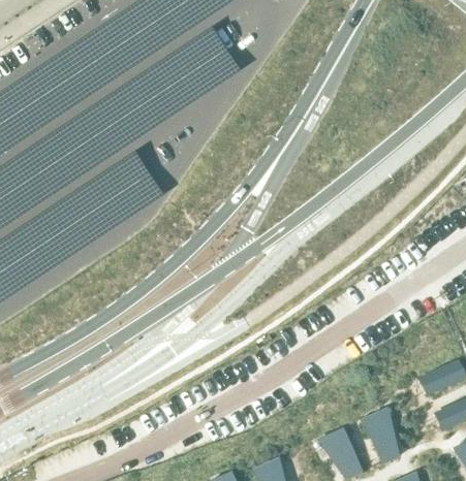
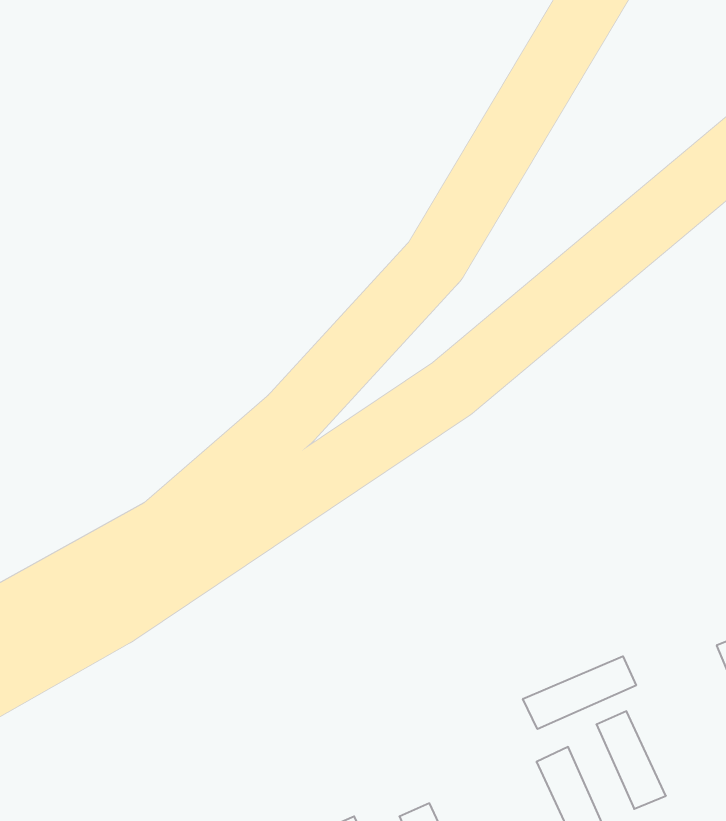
building: none -> [523,656,636,729]

